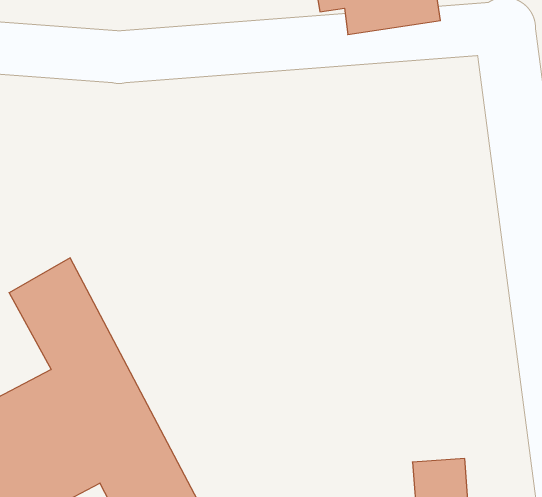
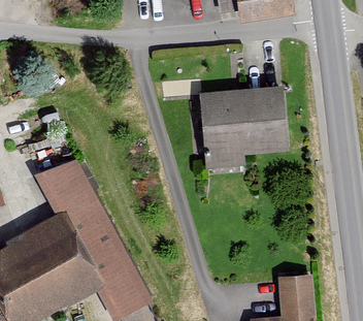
building: none -> [197,86,283,168]

